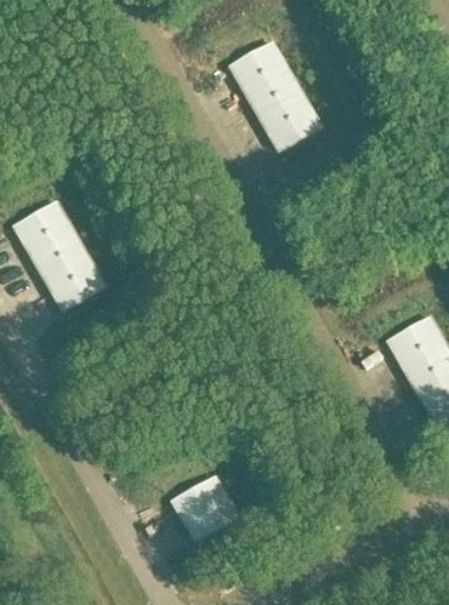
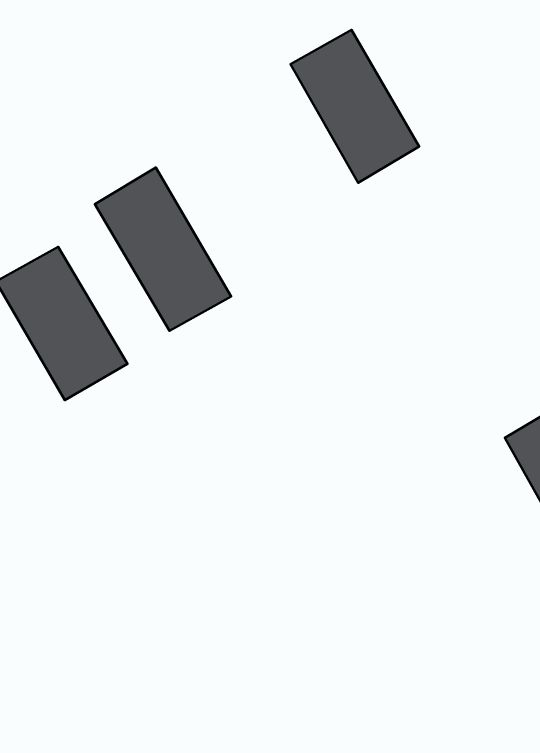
building: none -> [95,168,231,331]
building: [170,474,240,542] -> none

